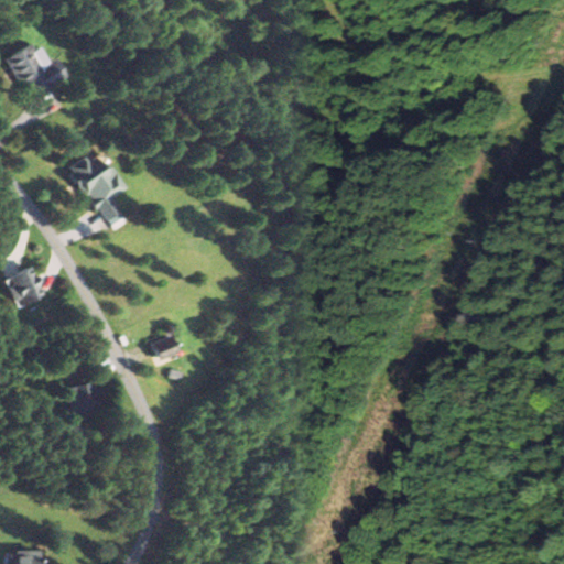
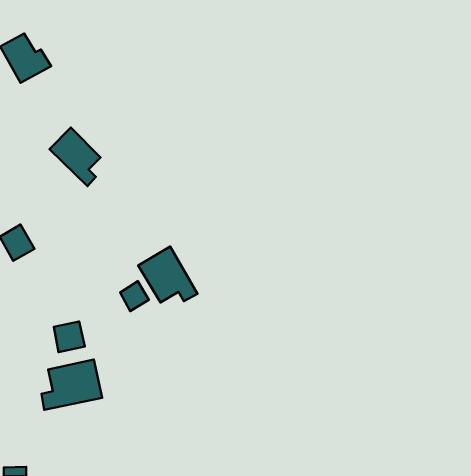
building: none -> [138,246,197,303]
building: none -> [42,359,102,410]

